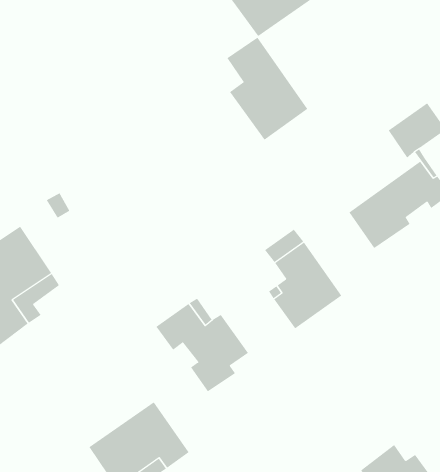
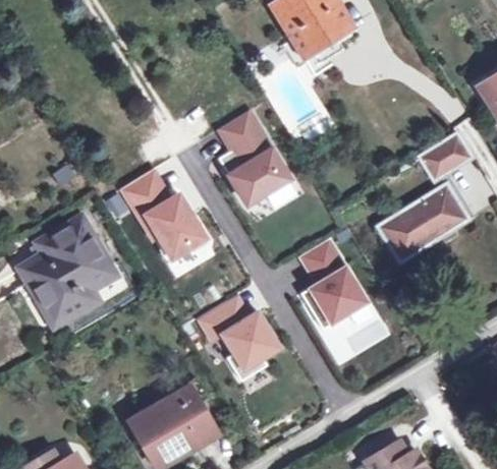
building: [227,37,308,140] -> [219,111,289,204]
building: none -> [122,171,206,257]

